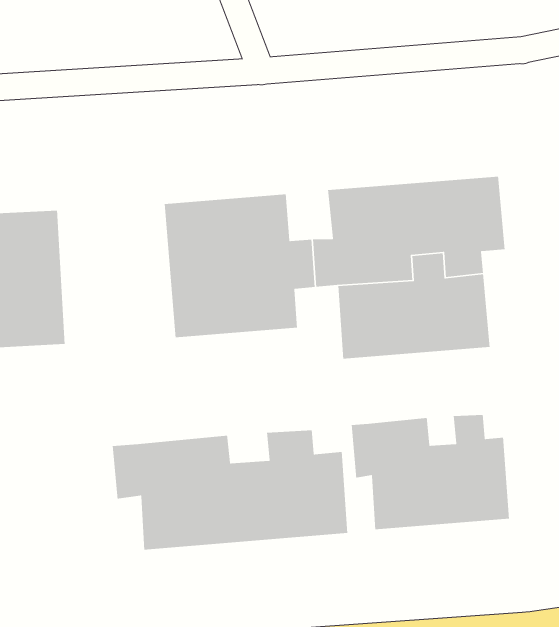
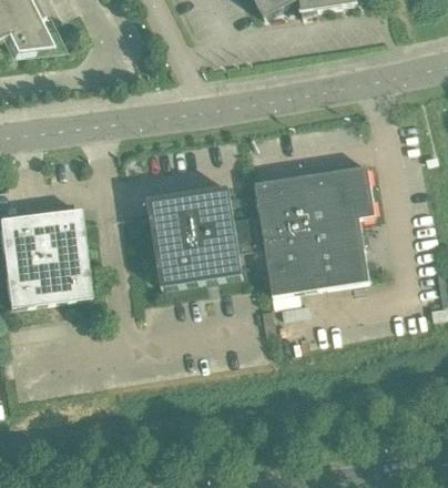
building: [351,414,510,530] -> none
building: [112,429,348,550] -> none

